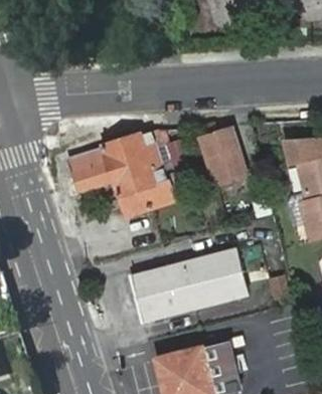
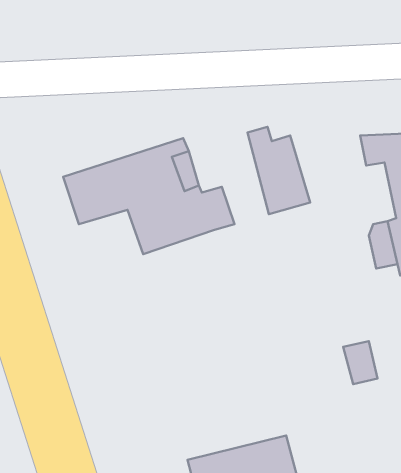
building: [132,248,247,320] -> none

